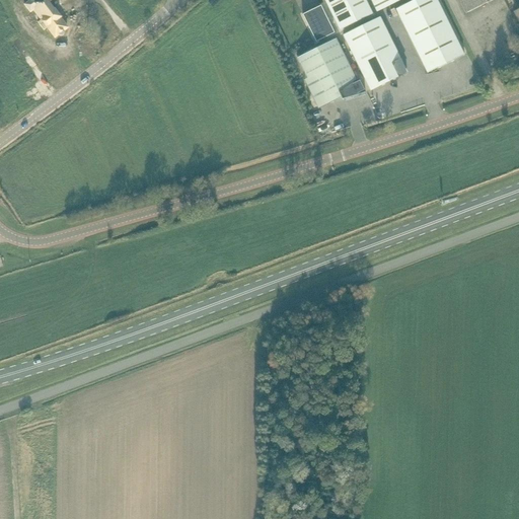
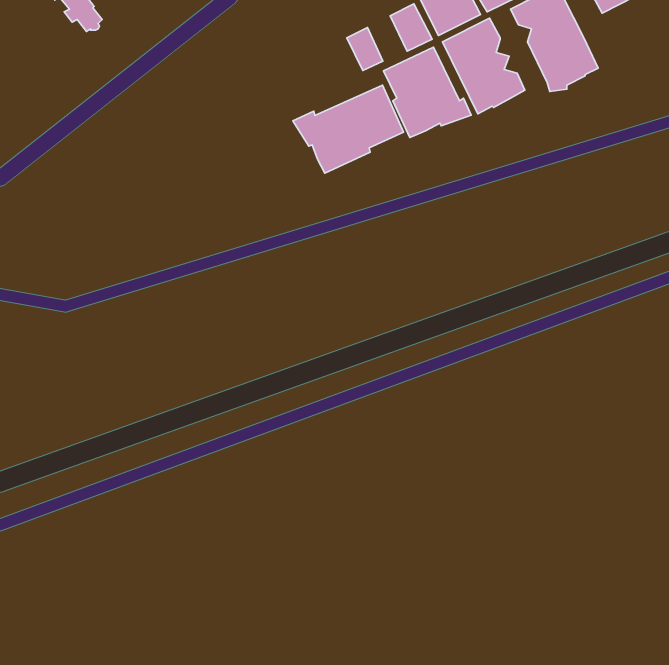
building: none -> [347,28,383,71]
building: none -> [293,85,404,173]

